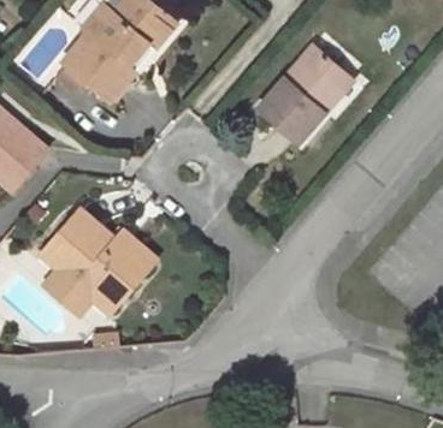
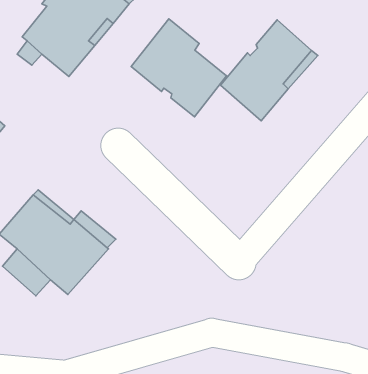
building: none -> [131,19,226,117]

